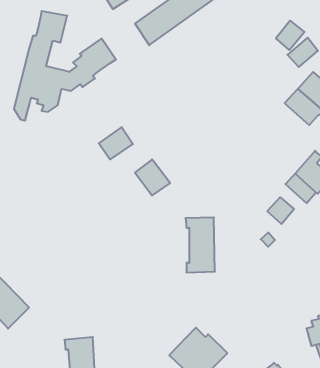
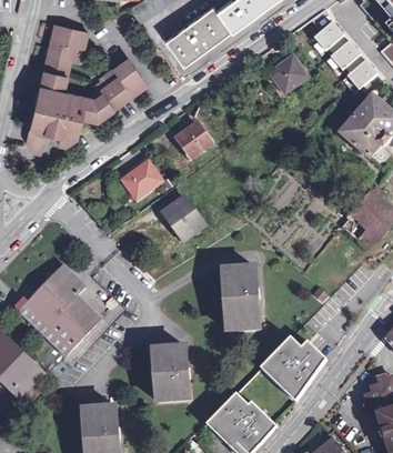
building: none -> [310,19,346,53]
building: none -> [263,51,308,93]
building: none -> [174,121,213,159]
building: [267,197,294,224] -> none
building: none -> [14,264,101,354]
building: none -> [265,339,324,397]
building: none -> [154,345,188,402]

